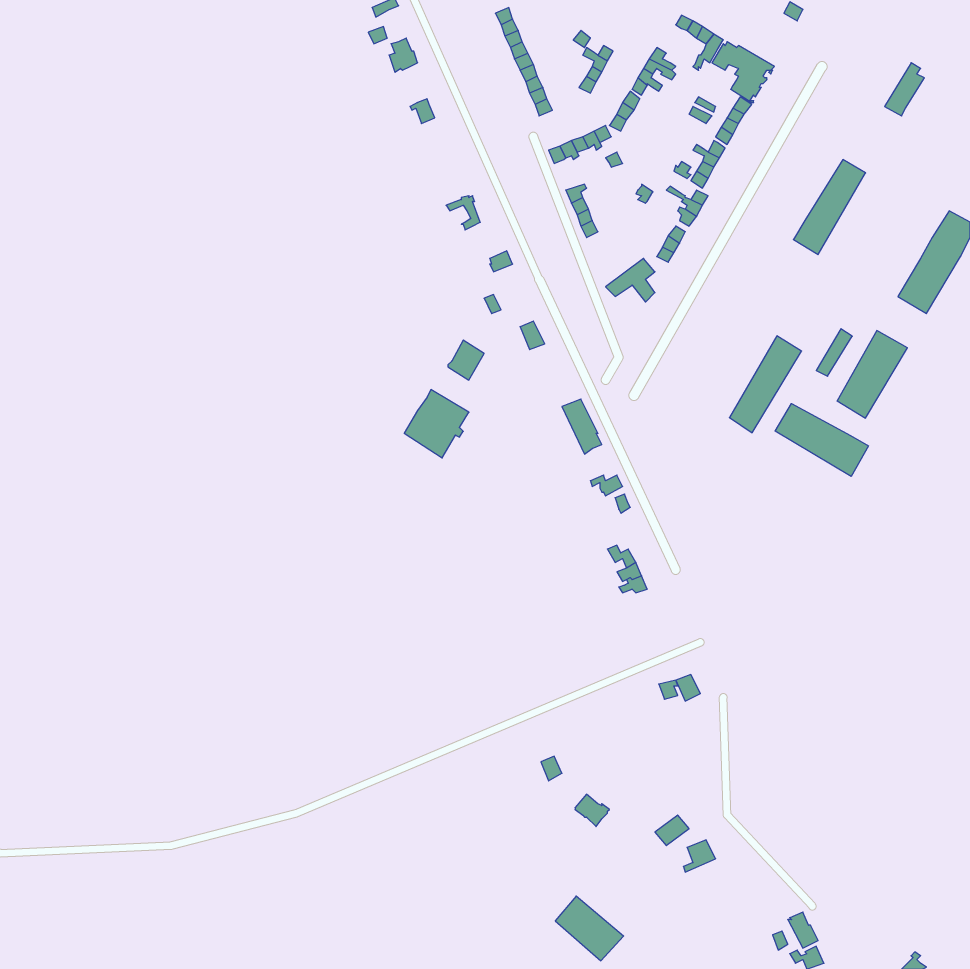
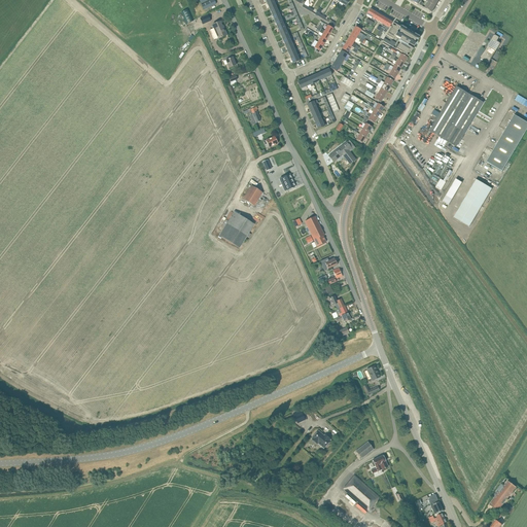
building: [729,336,802,433] -> [444,94,483,146]
building: [775,404,868,476] -> none
building: none -> [489,480,517,511]
building: [555,896,624,961] -> [343,475,380,510]

